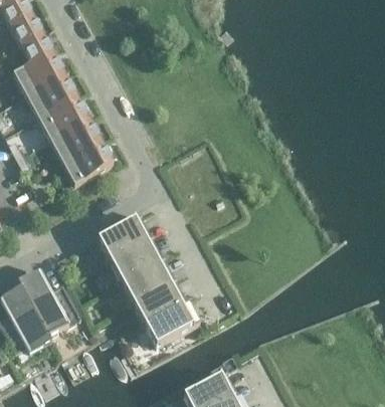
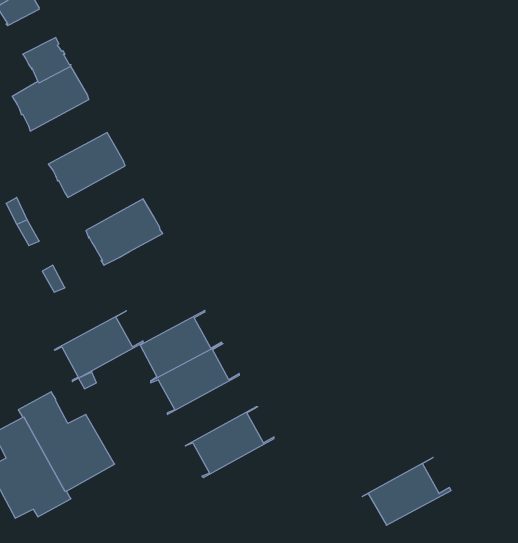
building: [9,11,41,41] -> none
building: [24,71,75,115] -> none
building: [49,116,100,159] -> none
building: [116,255,175,302] -> [54,311,143,382]
building: [140,297,199,343] -> [362,457,451,525]

